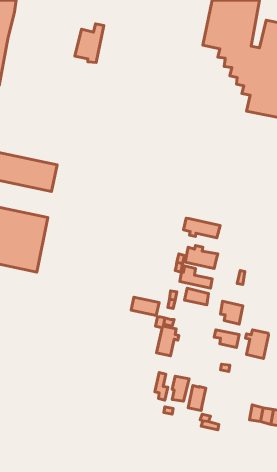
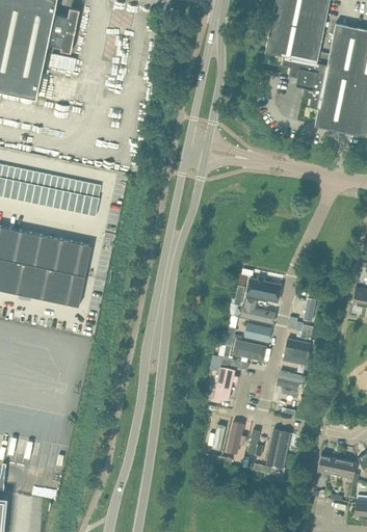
building: [75,24,104,63] -> [47,8,79,52]
building: [183,218,220,238] -> none
building: [131,297,159,316] -> [235,341,266,362]
building: [245,330,268,358] -> none
building: none -> [266,430,290,466]

